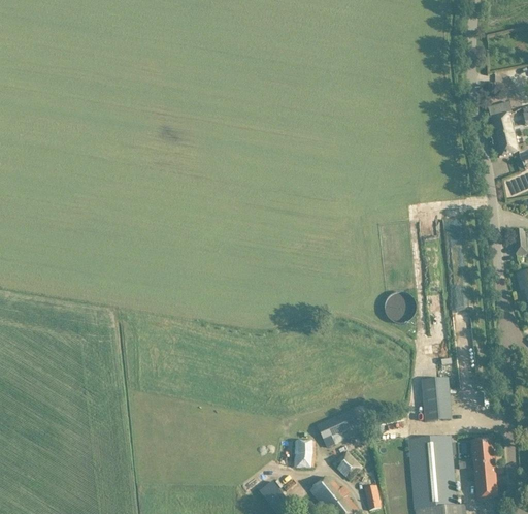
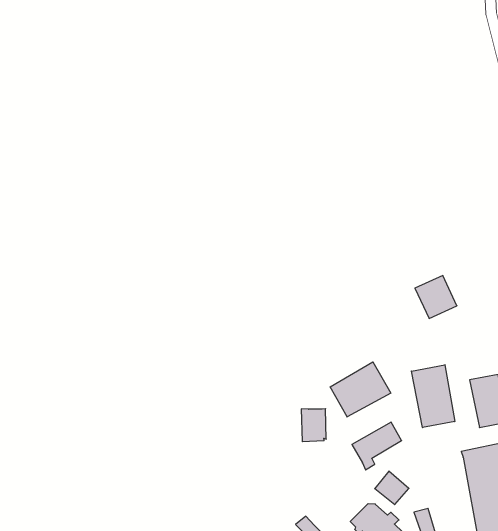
building: none -> [330,362,391,417]
building: none -> [411,365,455,428]
building: [292,439,315,468] -> [301,409,326,442]

